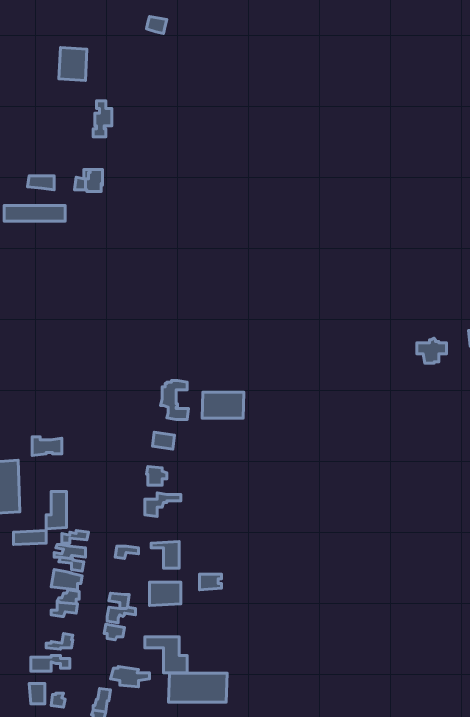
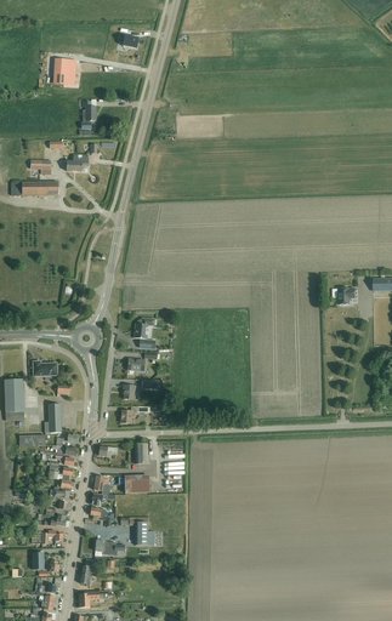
building: [202,392,244,418] -> none
building: [169,673,227,702] -> none

